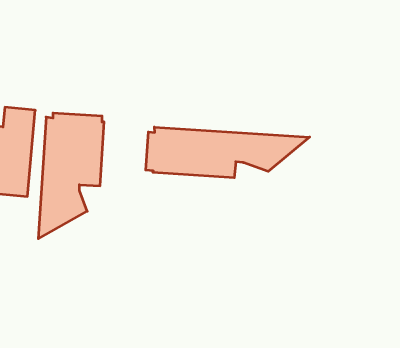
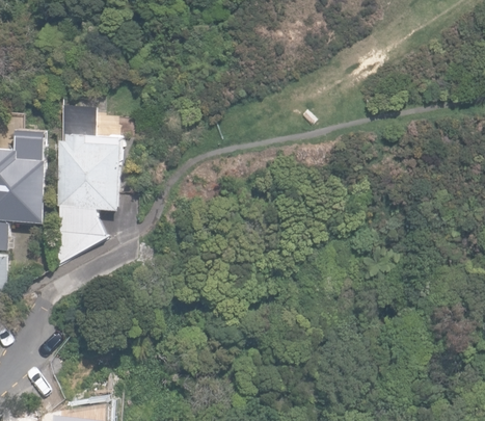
building: [146,127,310,178] -> none

